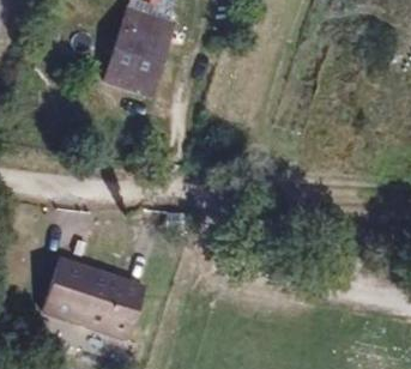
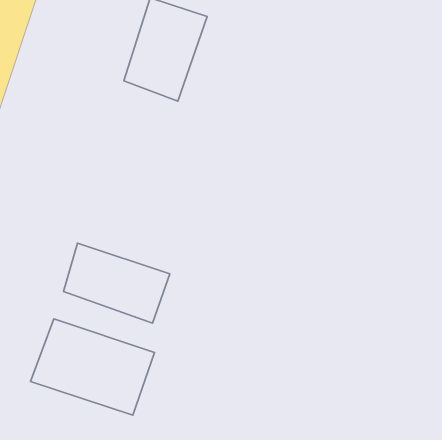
building: none -> [63,243,170,323]

